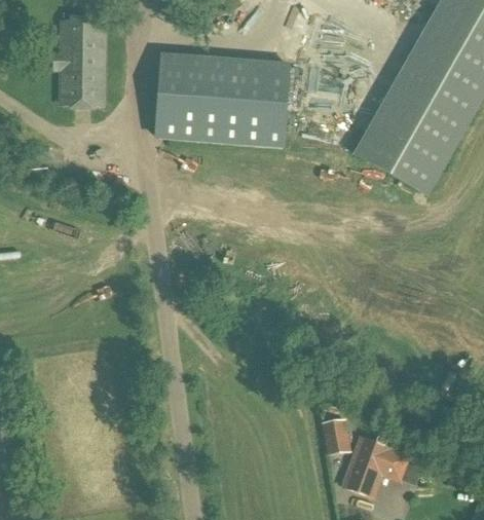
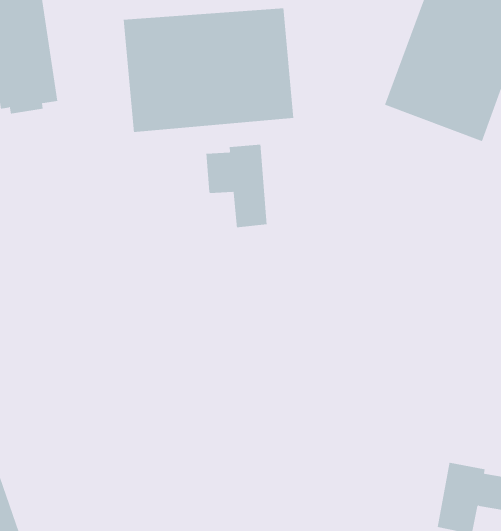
building: none -> [206,144,267,228]
building: [321,417,351,455] -> none

